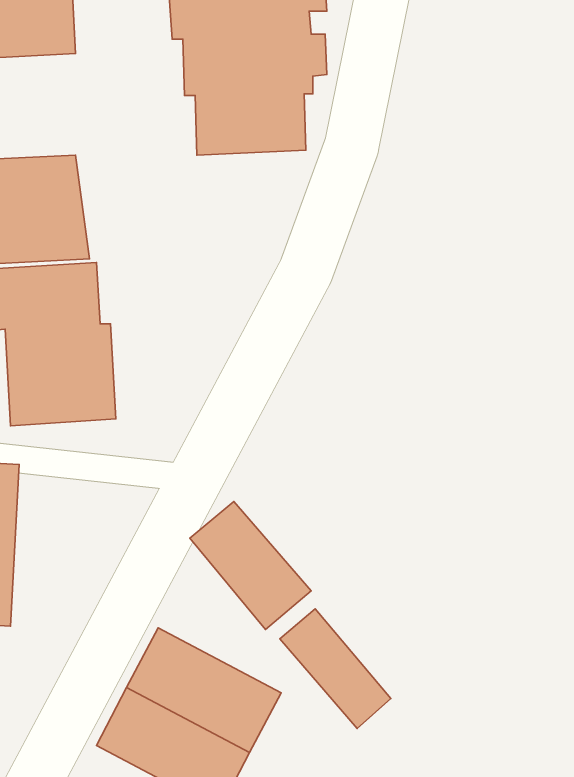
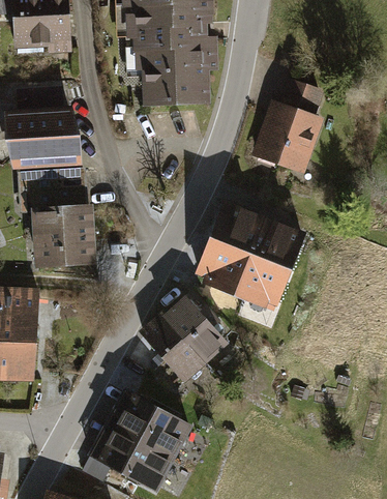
building: none -> [250,77,325,172]
building: none -> [195,197,306,305]
building: [280,609,391,728] -> [165,293,230,363]

